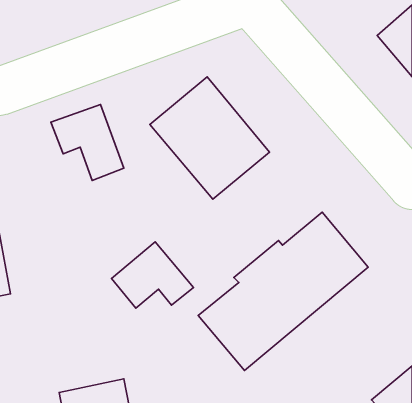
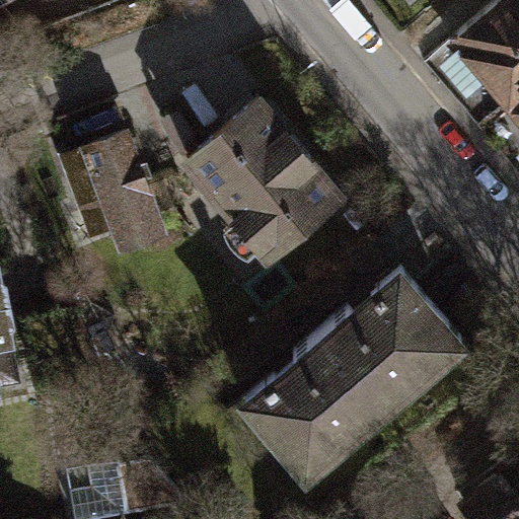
building: [112,242,194,308] -> none

